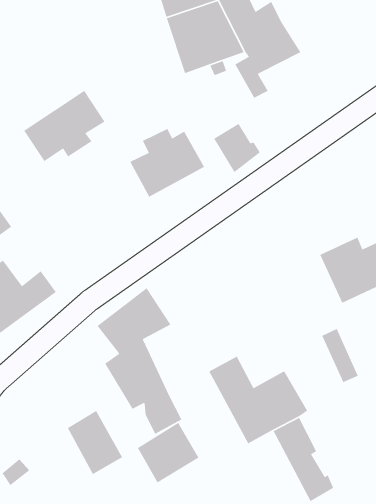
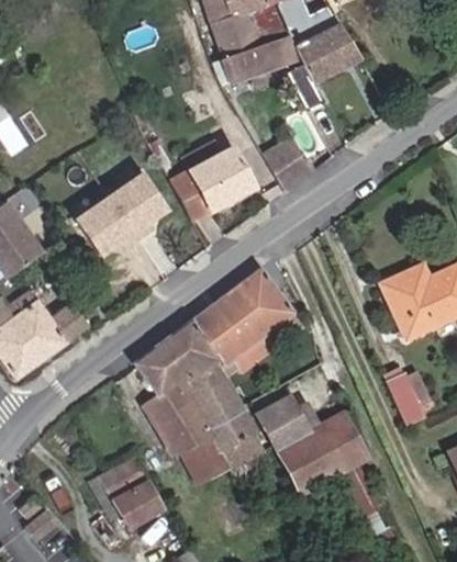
building: [23,90,105,162] -> [77,172,168,252]
building: none -> [187,267,294,470]
building: [137,422,200,483] -> none

